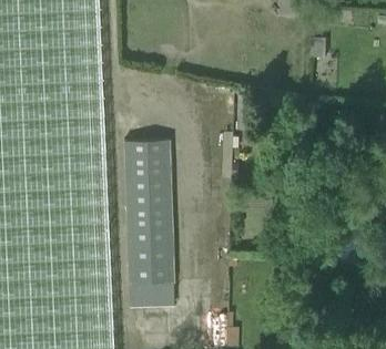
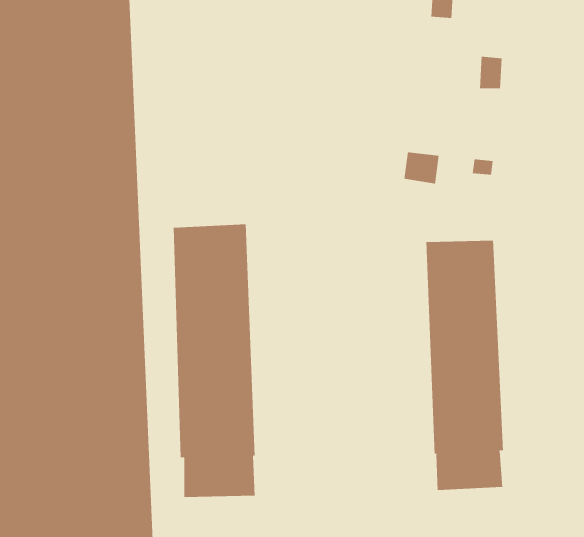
building: none -> [426,240,503,491]

